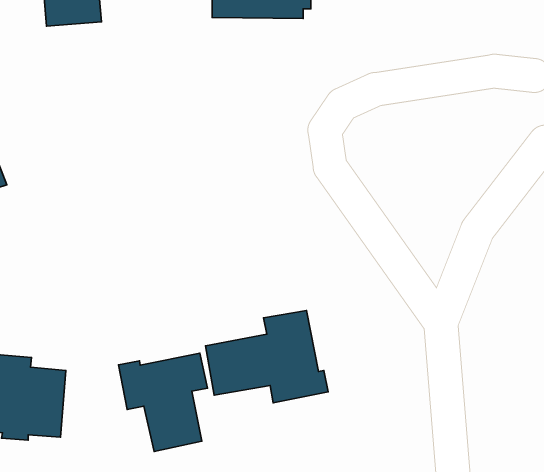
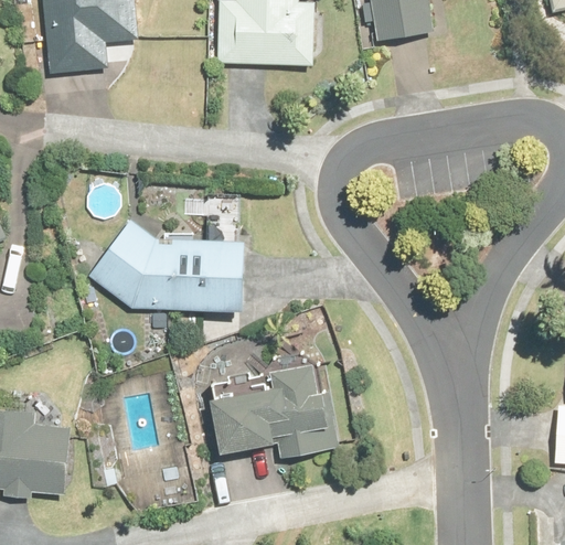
building: none -> [92,220,243,310]
building: [119,353,207,451] -> none

